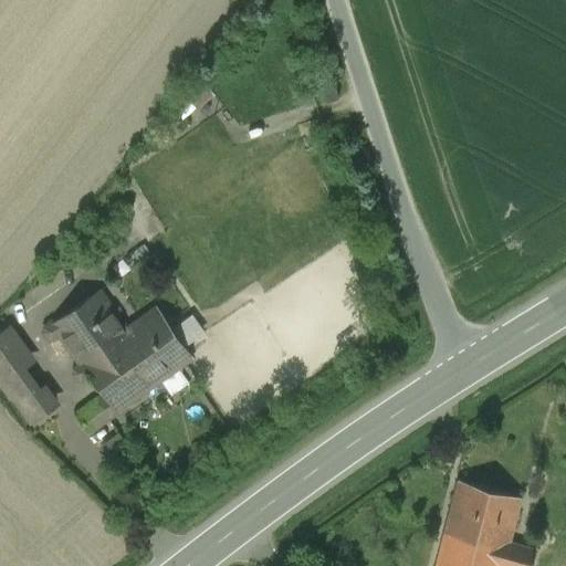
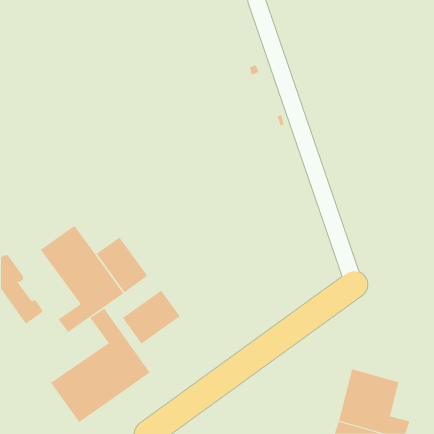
building: none -> [122,290,181,345]
building: none -> [50,308,151,423]

